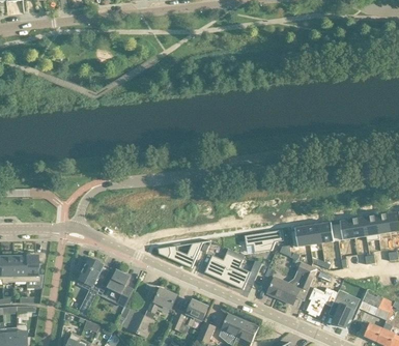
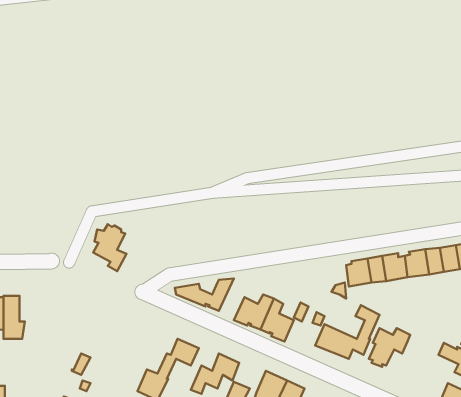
building: [245,230,284,252] -> none
building: [79,256,105,292] -> [93,224,127,271]
building: [108,268,134,306] -> none
building: [329,289,357,326] -> none

